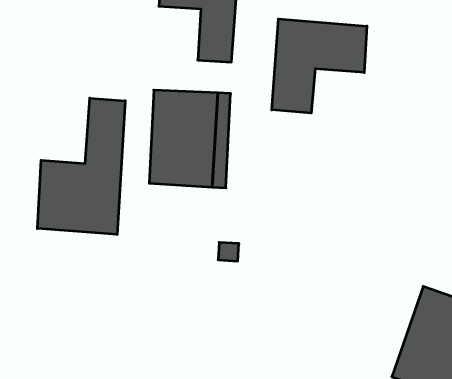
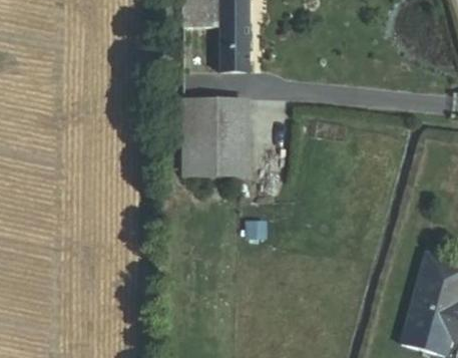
building: [272,19,367,113] -> none
building: [37,98,125,235] -> none

